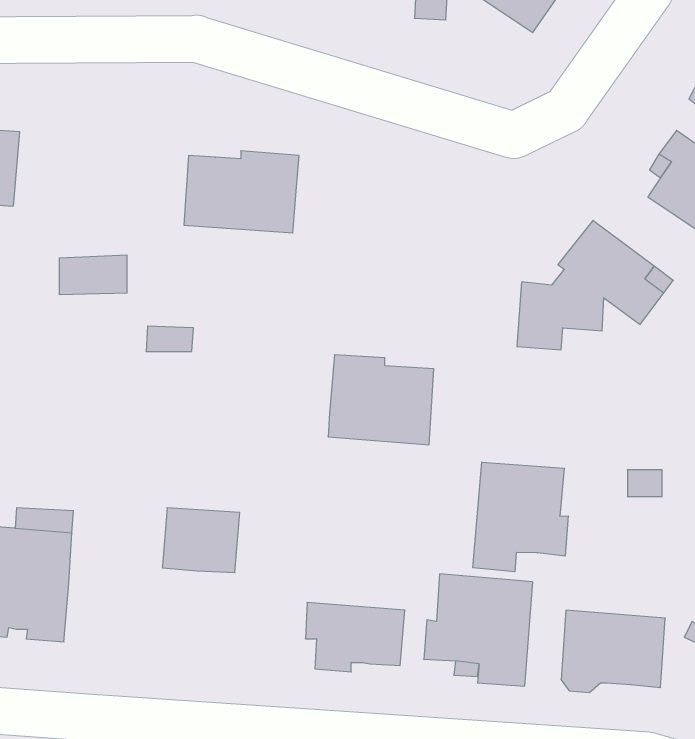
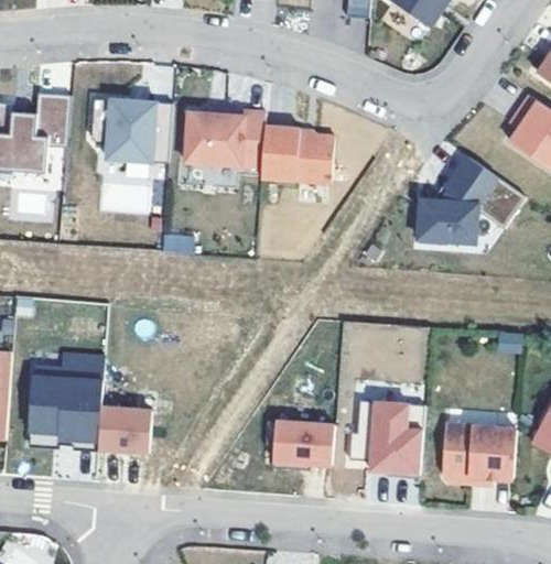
building: none -> [88,97,170,161]
building: [328,355,434,445] -> [258,123,332,186]
building: [473,462,568,572] -> none
building: [162,508,240,573] -> [99,409,153,454]

